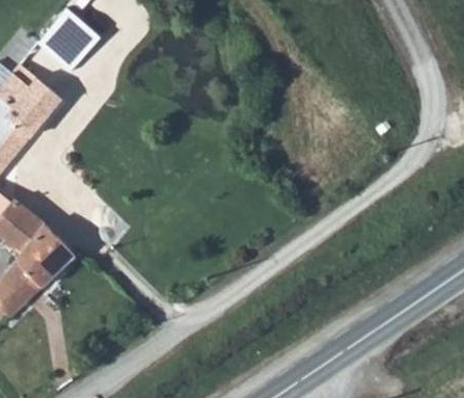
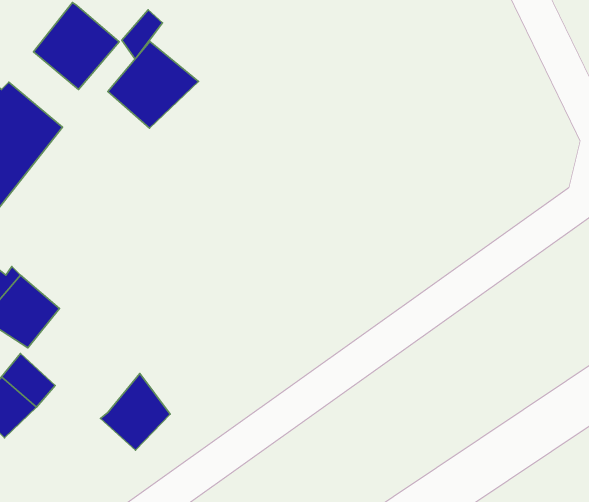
building: none -> [108,41,199,128]
building: [21,228,71,283] -> [101,373,170,450]

